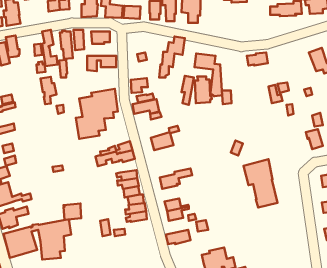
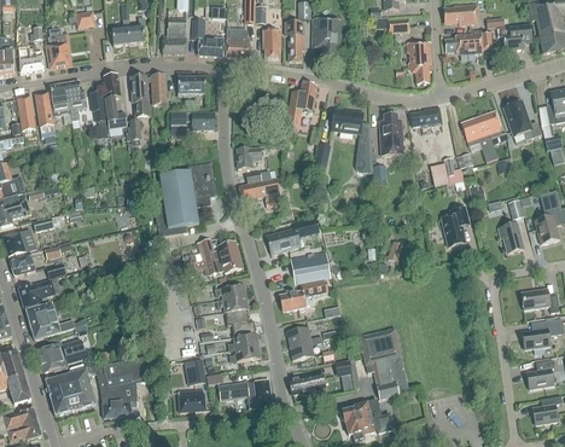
building: none -> [404,41,431,83]
building: none -> [460,110,501,162]
building: [195,76,212,103] -> [379,115,404,155]
building: [40,77,57,104] -> [63,80,87,121]
building: none -> [441,207,468,246]
building: none -> [289,251,328,284]
building: [244,159,277,208] -> [357,326,408,399]
building: [64,204,81,220] -> [177,388,204,412]
building: none -> [217,378,272,408]

